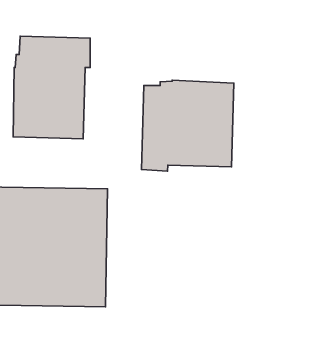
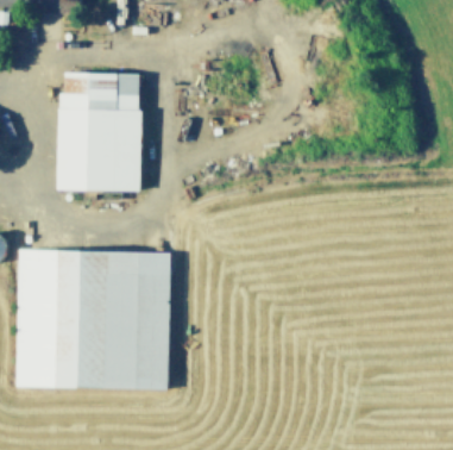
building: [141,80,234,171] -> none

